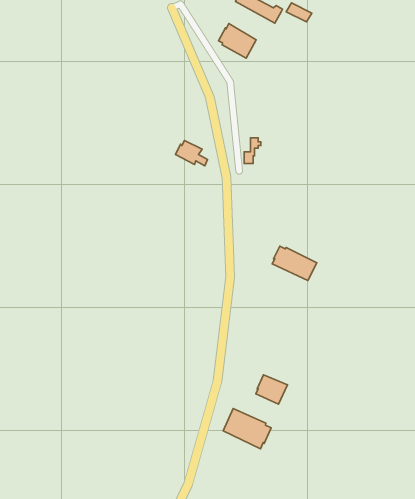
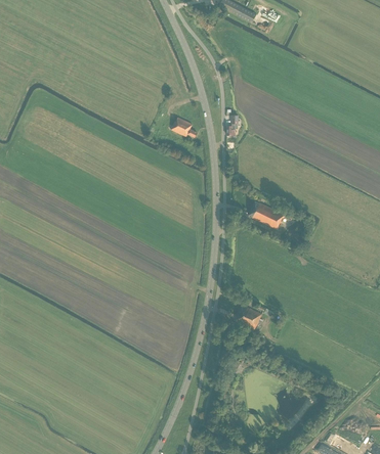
building: [218,23,256,58] -> none
building: [223,409,271,449] -> none

